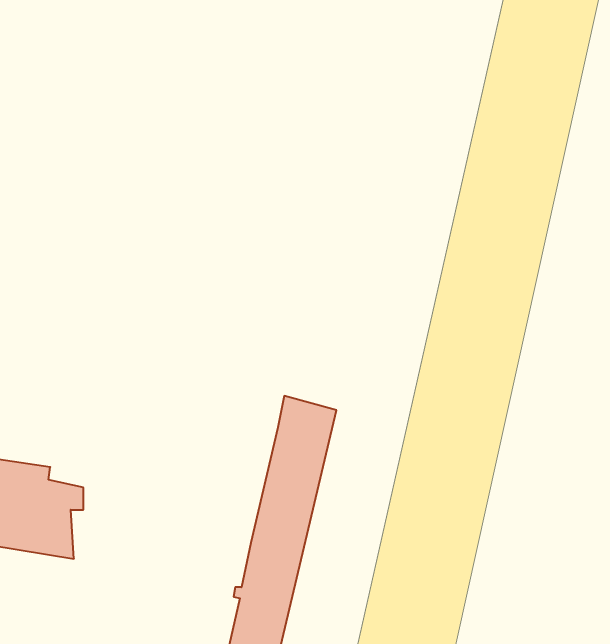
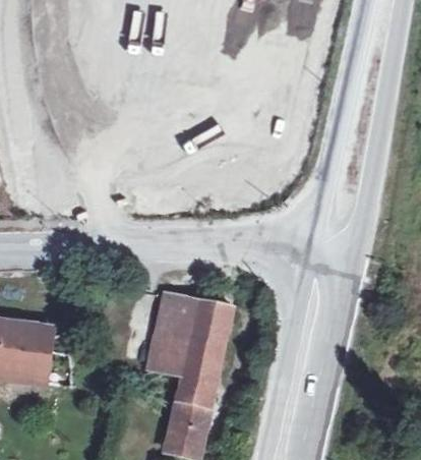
building: none -> [146,296,197,378]

